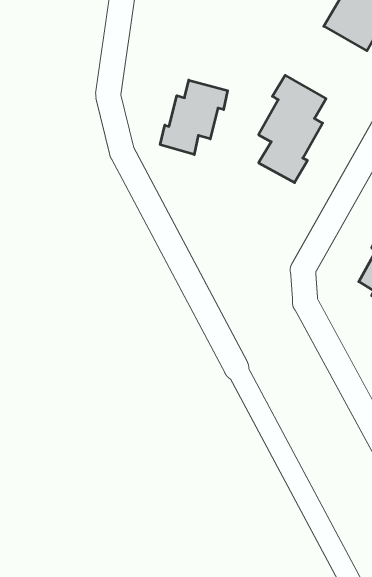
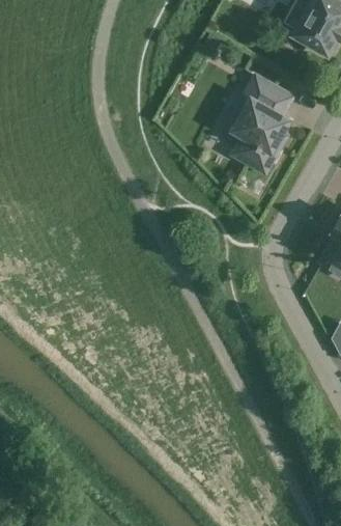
building: [160,80,228,155] -> none

